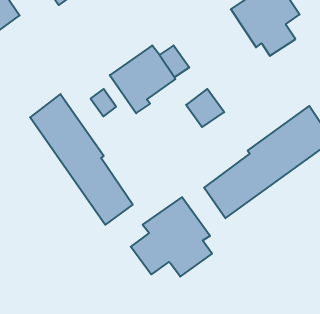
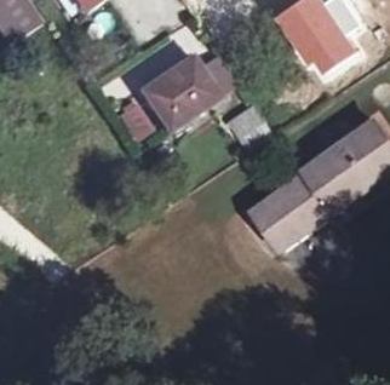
building: [30,94,133,225] -> none
building: [131,197,212,277] -> none

